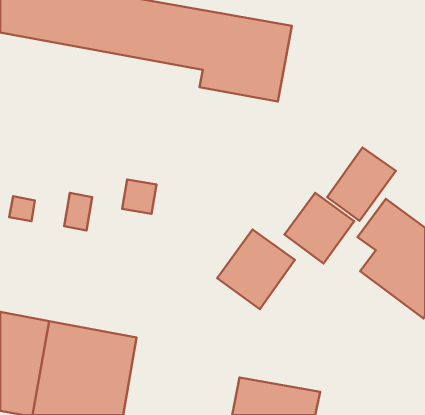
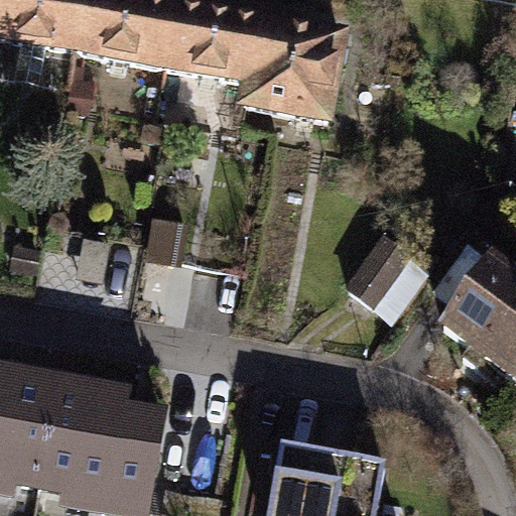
building: [327,148,396,221] -> none
building: [217,230,295,309] -> none

